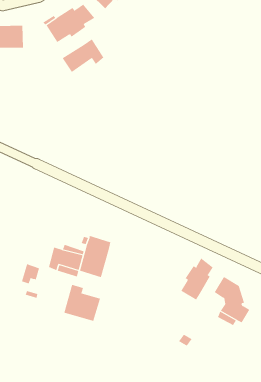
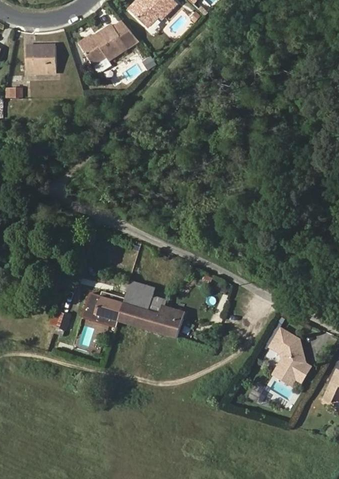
building: [62,39,104,73] -> none
building: [181,258,213,300] -> none
building: [63,284,101,322] -> [143,297,185,339]

